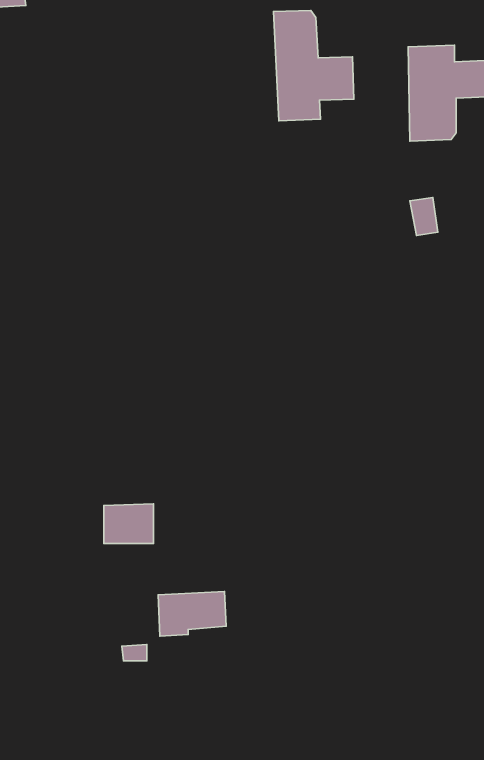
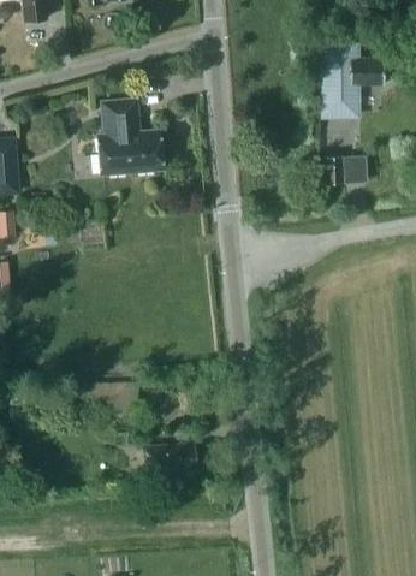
building: [273,10,354,121] -> none
building: none -> [88,106,150,179]

